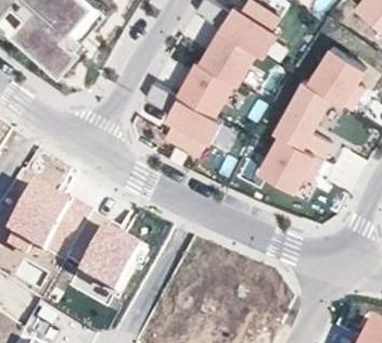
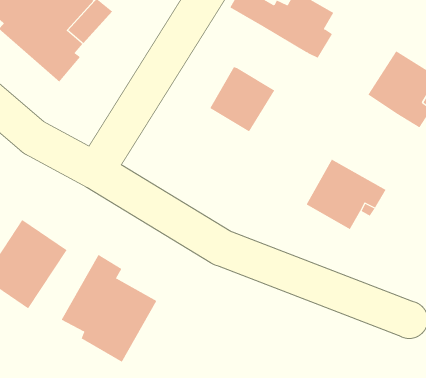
building: [203,27,259,82] -> none
building: [275,79,332,160] -> none
building: [147,80,222,152] -> none

